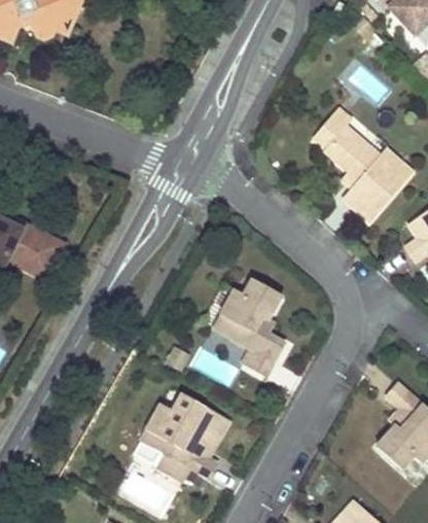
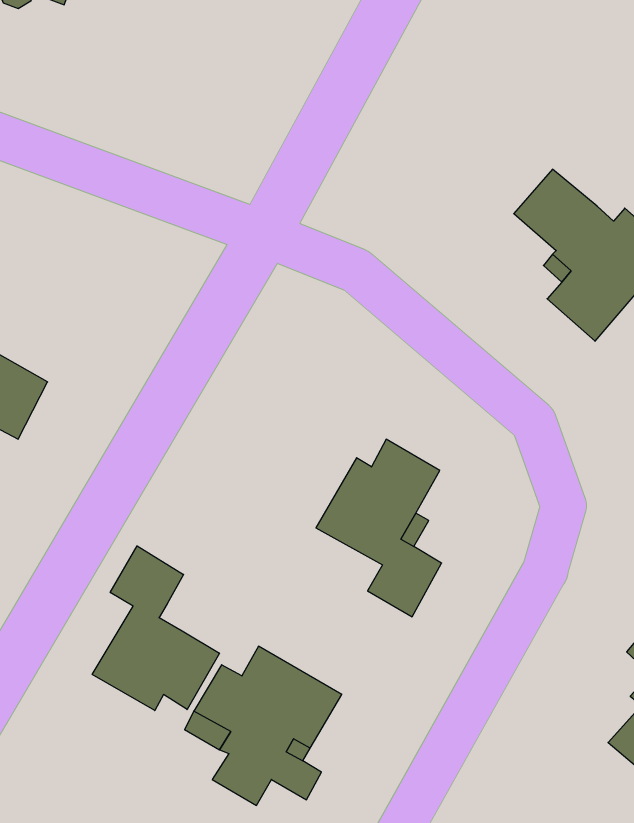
building: none -> [92,546,219,711]

